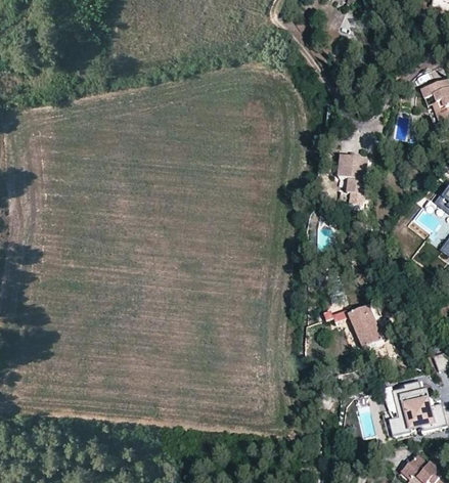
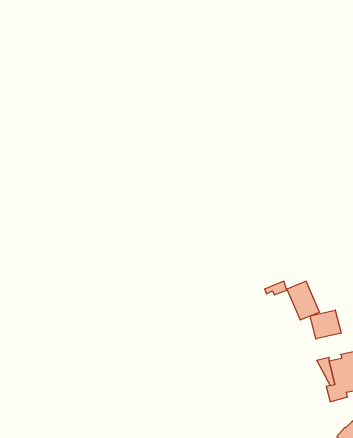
building: [339,151,367,202] -> none
building: none -> [310,310,341,339]

